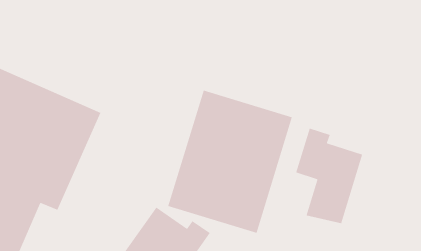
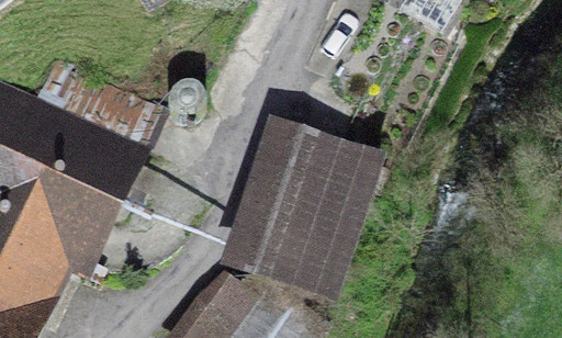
building: [295,127,363,224] -> none

